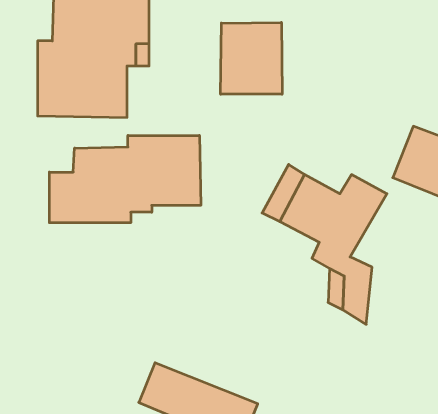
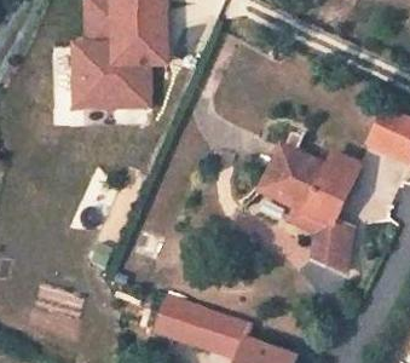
building: [221,22,282,94] -> none
building: [49,135,201,223] -> none

